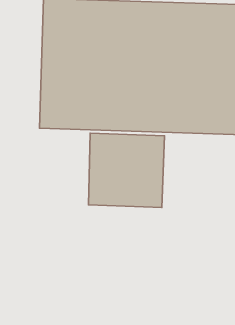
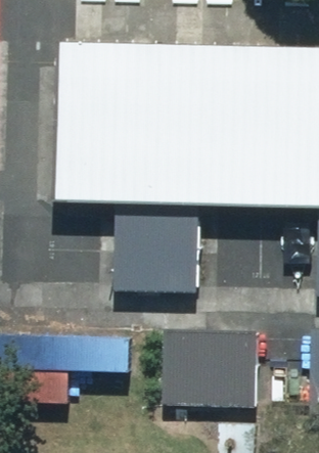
building: none -> [162,332,263,406]

